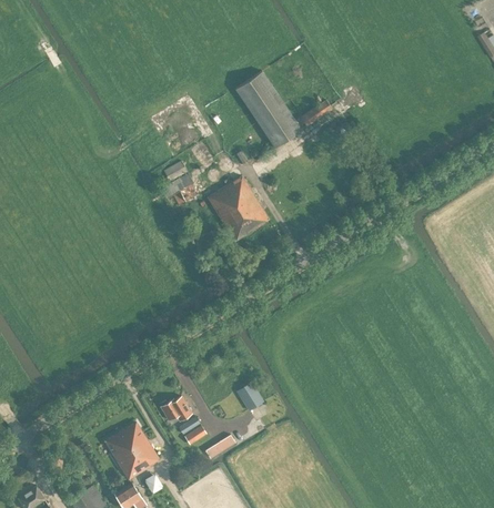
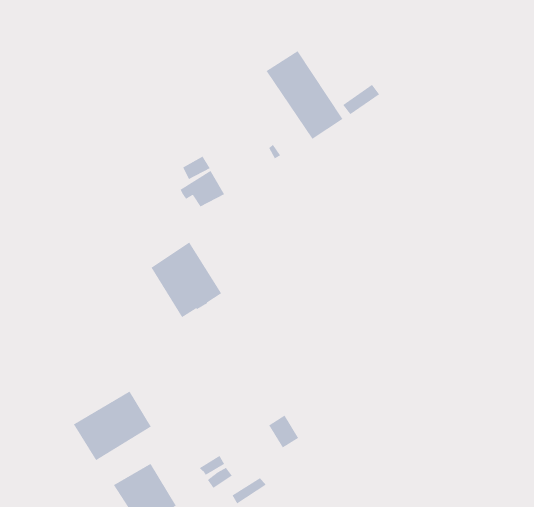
building: [208,175,269,241] -> [151,242,222,318]
building: none -> [73,391,152,461]
building: [160,396,191,420] -> none

